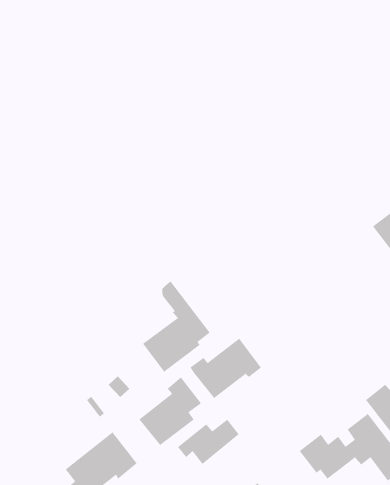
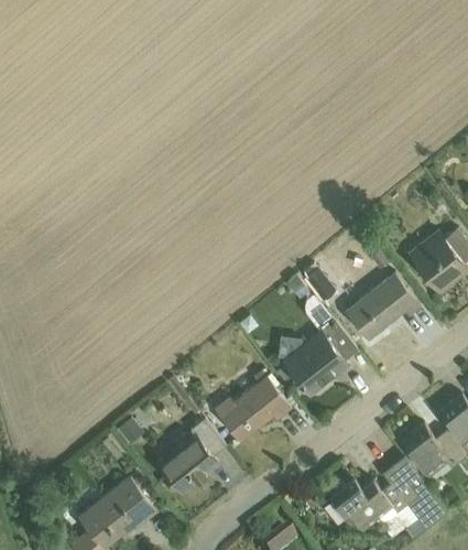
building: none -> [344,272,418,338]
building: [142,281,211,372] -> [283,294,357,393]
building: [177,419,239,465] -> none

